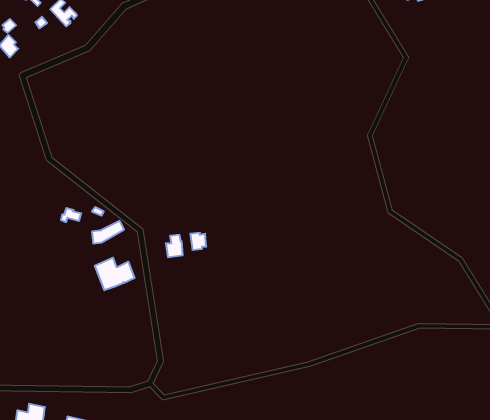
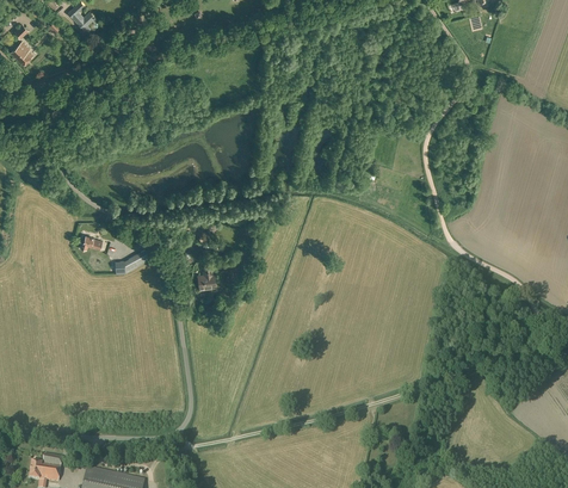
building: [95,258,135,290] -> none

